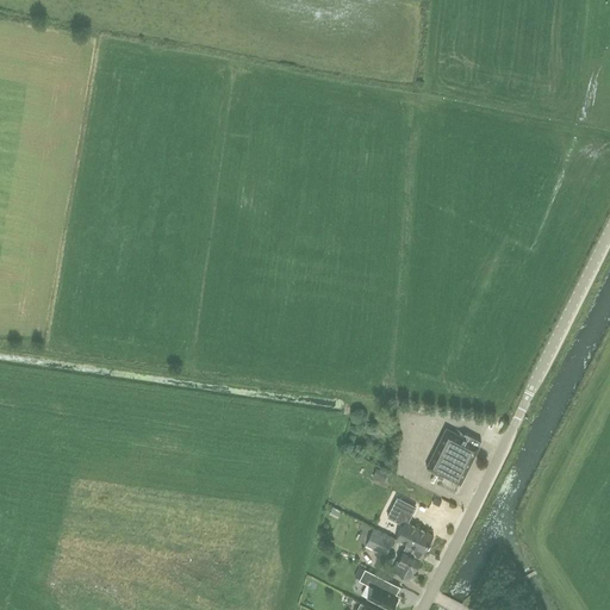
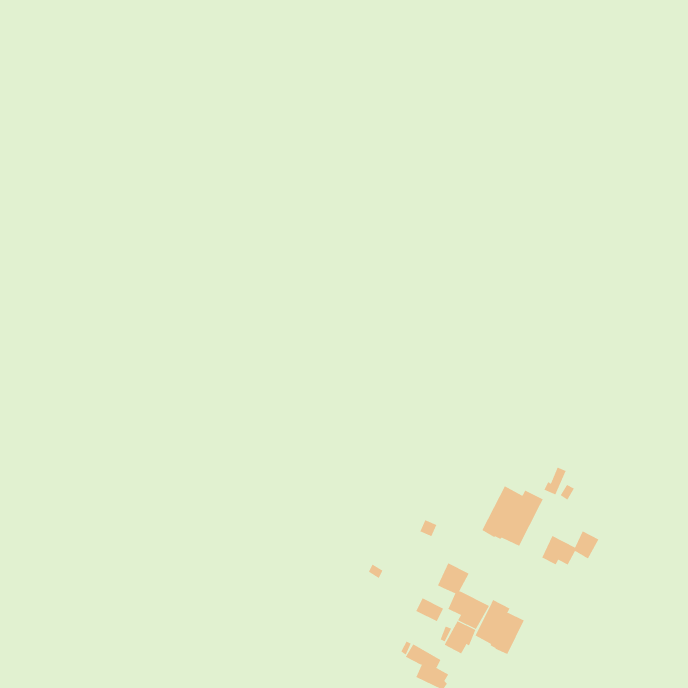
building: none -> [542,531,599,566]
building: none -> [475,599,525,655]

